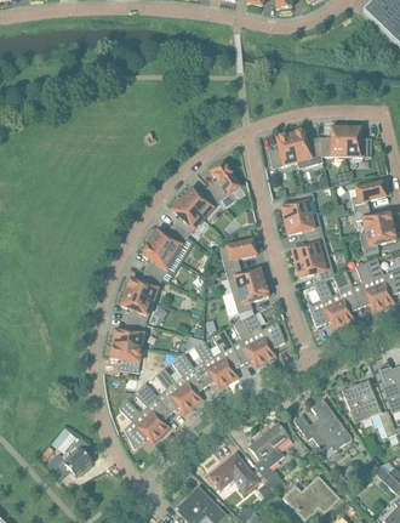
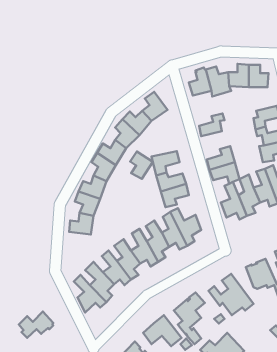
building: [284,212,321,237] -> none
building: none -> [130,151,153,179]
building: [108,343,141,371] -> none

